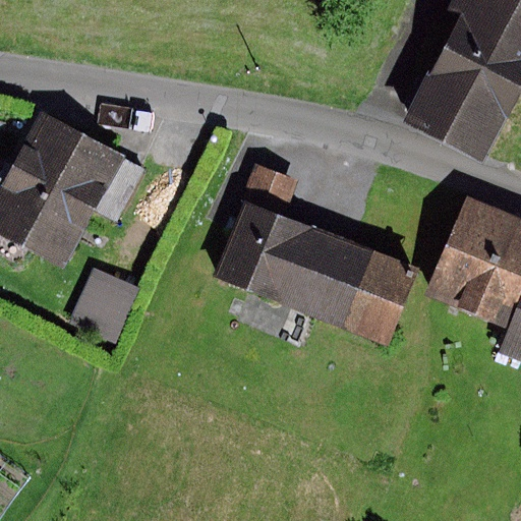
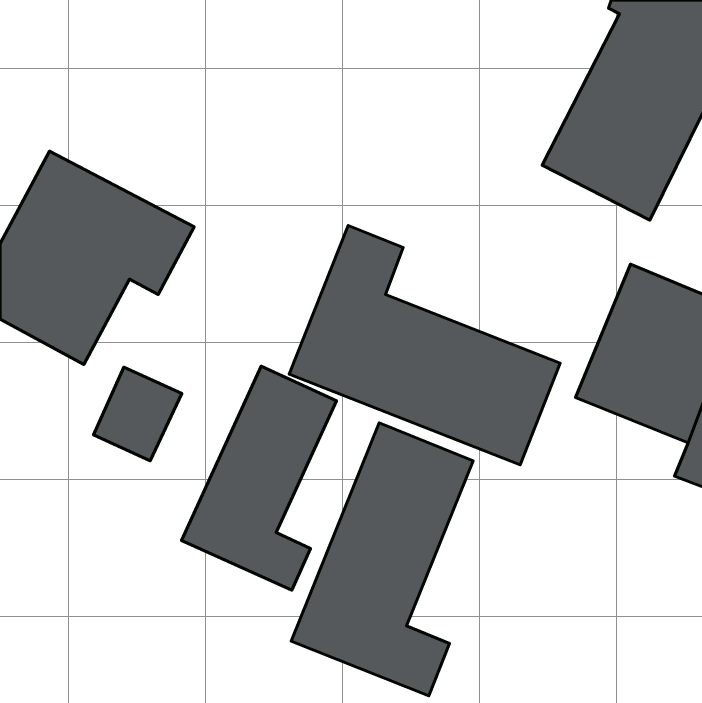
building: none -> [181,366,336,590]
building: none -> [291,423,473,696]

